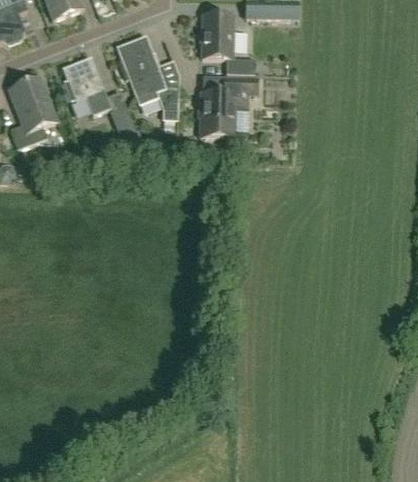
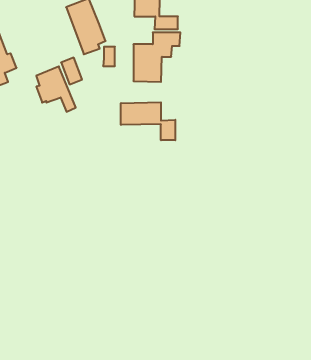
building: [63,56,111,111] -> [36,66,76,112]
building: none -> [121,102,175,140]

